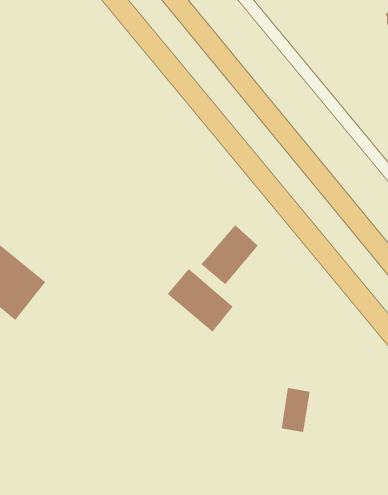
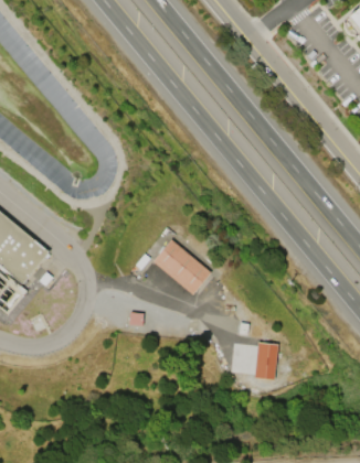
building: [200,224,259,285] -> none

